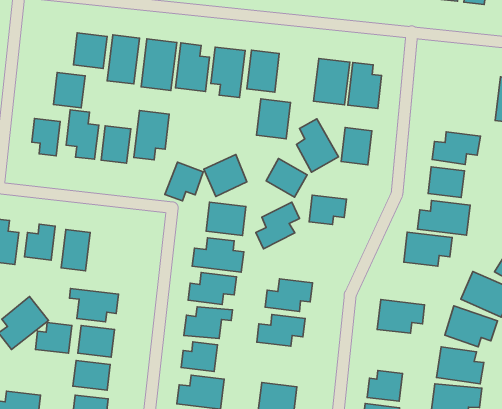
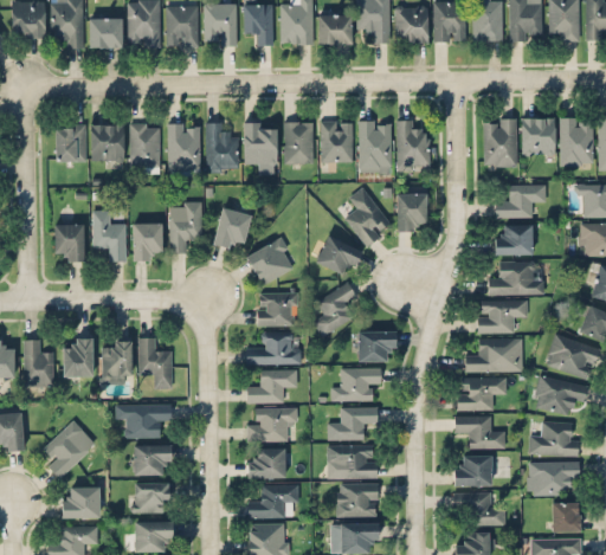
building: none -> [484,118,517,168]
building: [53,72,85,108] -> [56,125,86,161]
building: none -> [522,118,555,155]
building: [256,99,291,139] -> [321,122,354,162]
building: [165,162,203,201] -> [213,208,252,250]
building: [309,195,346,225] -> [357,333,395,362]
building: none -> [140,338,173,388]
building: none -> [465,340,516,373]
building: [35,323,72,353] -> [63,488,99,518]
building: none -> [456,417,504,448]
building: none -> [328,445,378,479]

